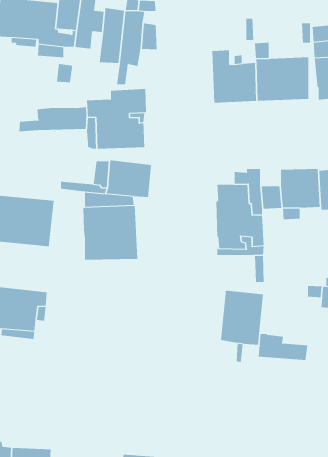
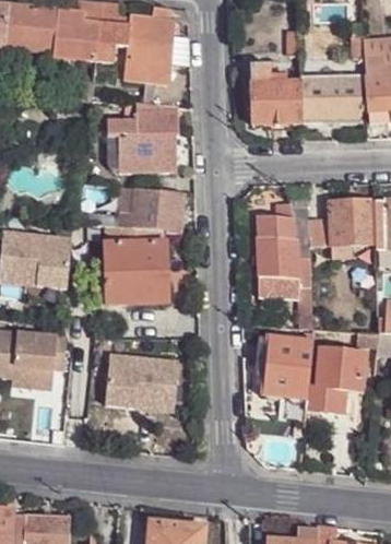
building: [19,107,87,132] -> none
building: none -> [313,346,363,399]
building: none -> [105,351,179,410]

